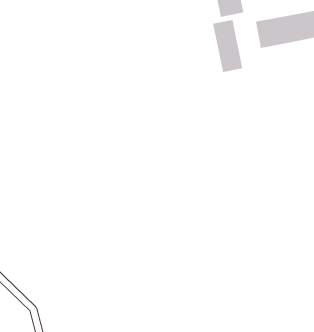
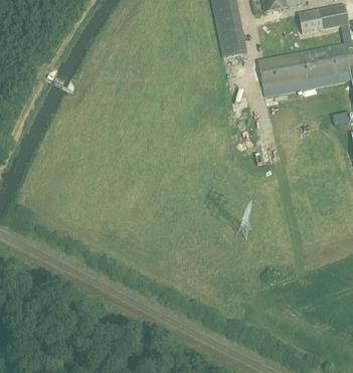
building: [213,19,243,73] -> none

